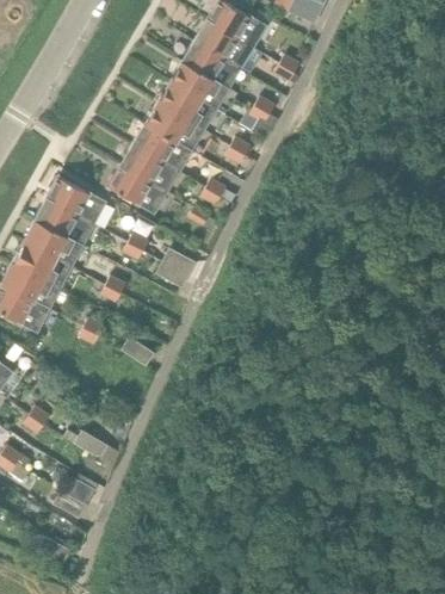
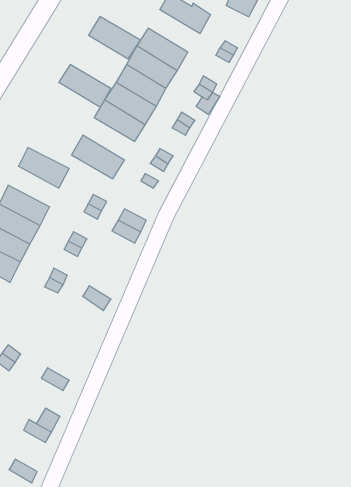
building: [197,18,257,67] -> [89,16,140,59]
building: [122,142,181,191] -> [59,65,111,107]
building: [36,198,94,245] -> none

